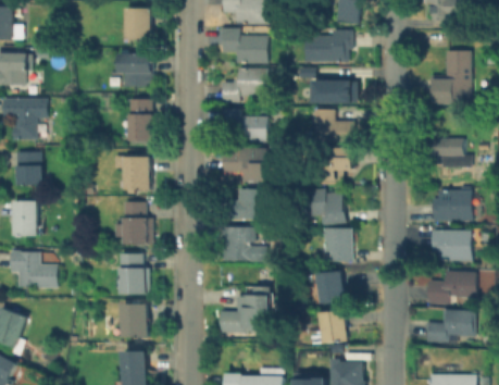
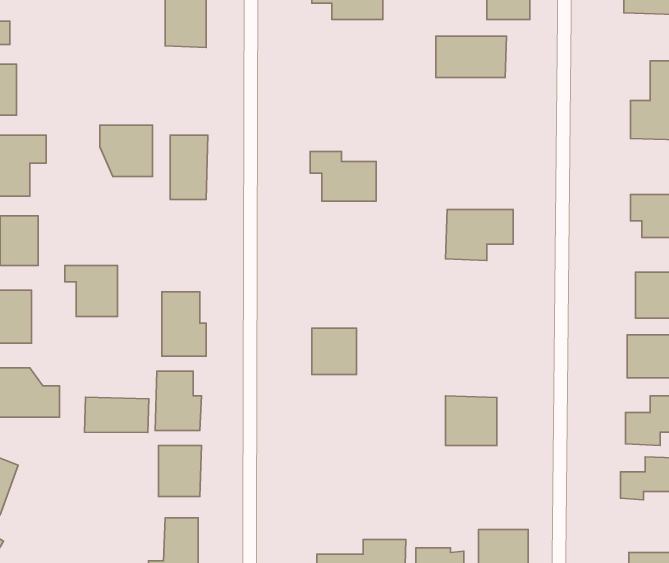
building: [222,33,267,63] -> none
building: [116,53,151,87] -> [100,125,153,176]
building: [222,70,266,100] -> none
building: [309,77,348,100] -> none
building: [313,110,353,144] -> none
building: [223,149,265,181] -> none
building: [115,157,150,190] -> [65,265,117,317]
building: [307,188,342,222] -> none
building: [228,189,262,219] -> none
building: [324,229,351,259] -> none
building: none -> [84,397,149,432]
building: [220,290,273,332] -> none
building: [313,309,344,343] -> none

